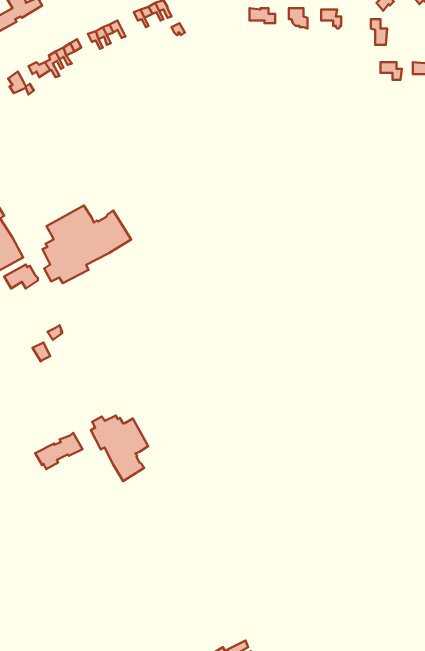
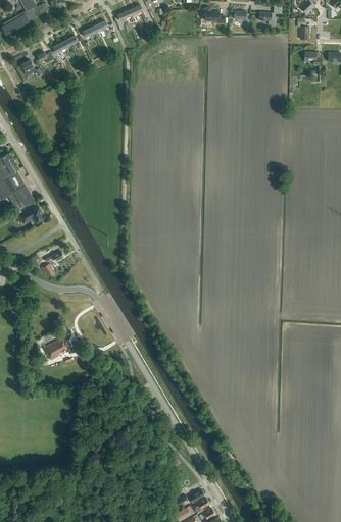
building: [43,205,131,283] -> none
building: [91,415,148,481] -> none

